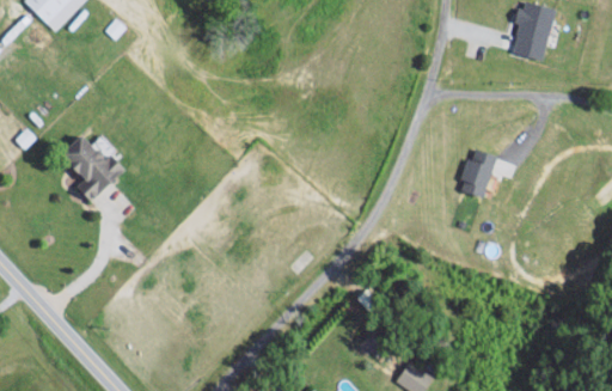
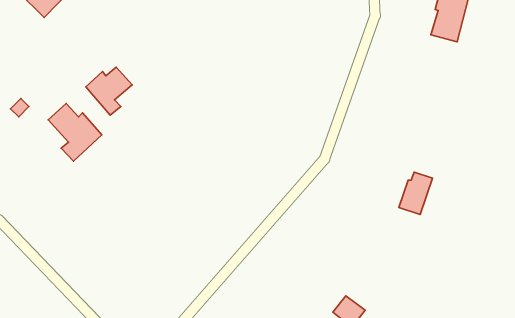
building: none -> [86,67,132,115]
building: [458,148,497,198] -> [399,172,432,215]

